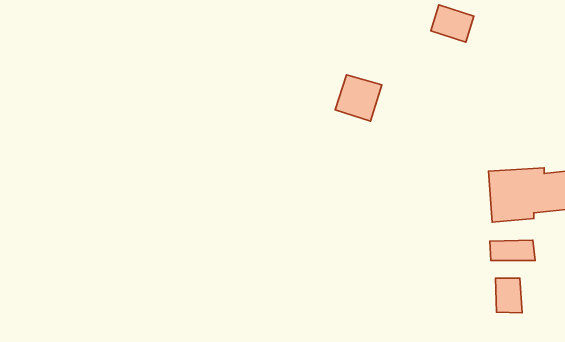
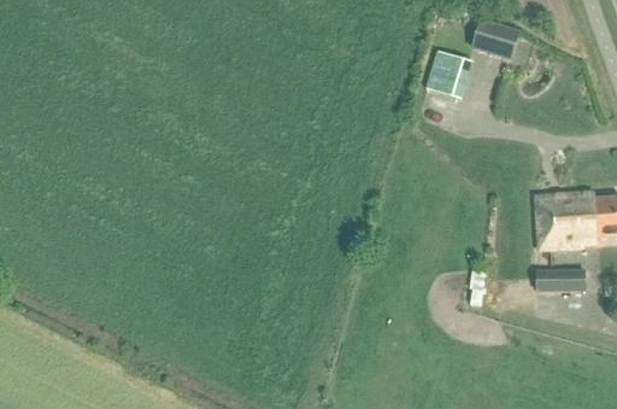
building: [335,75,382,121] -> [425,48,475,98]
building: [496,278,522,313] -> none

